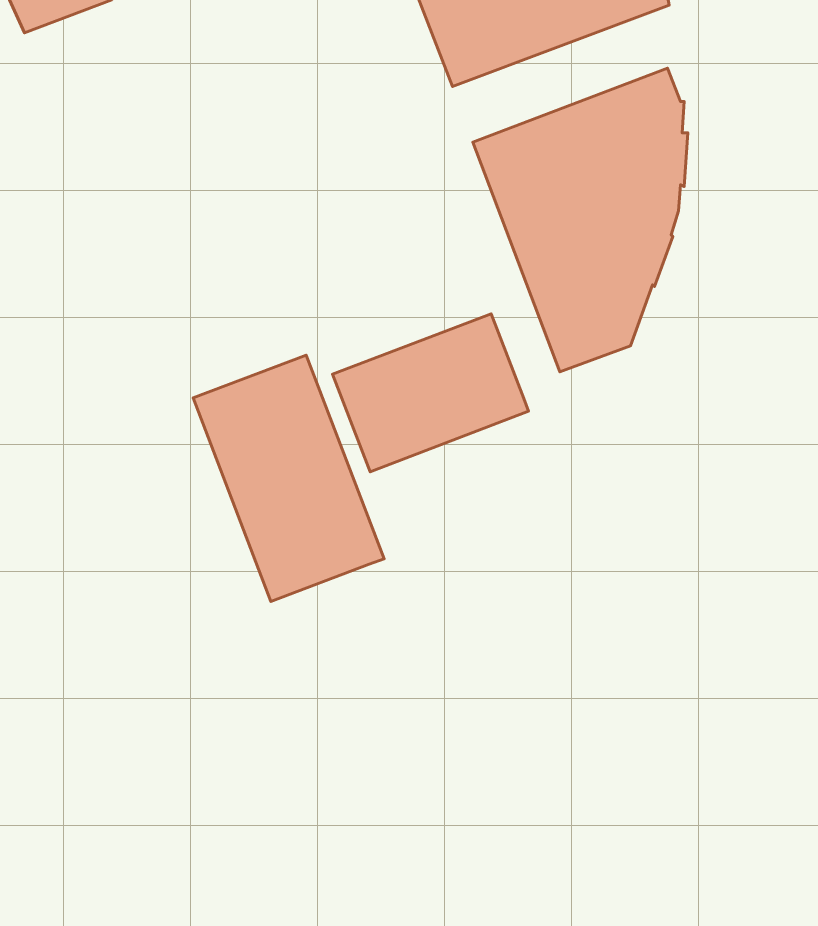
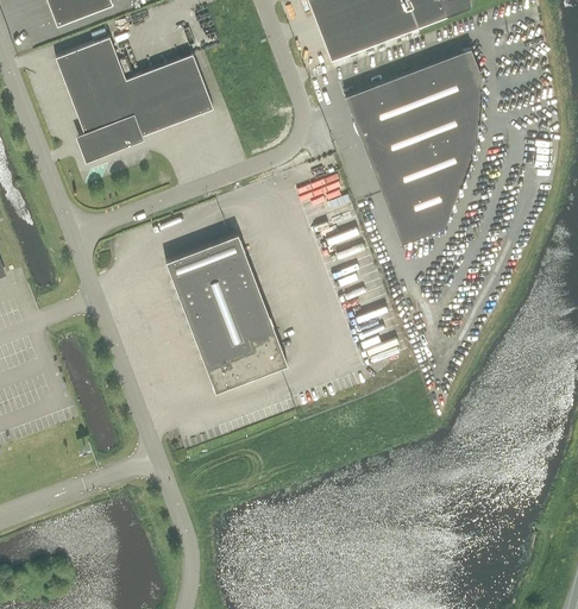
building: none -> [56,37,213,162]
building: [332,314,529,472] -> none

